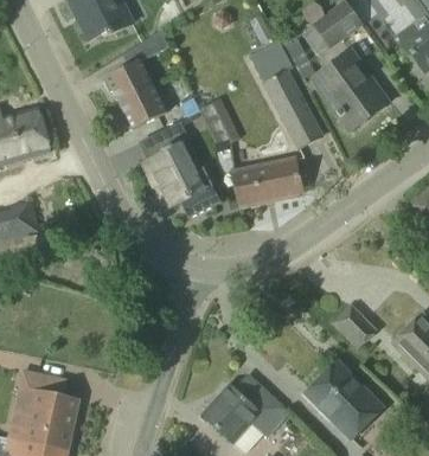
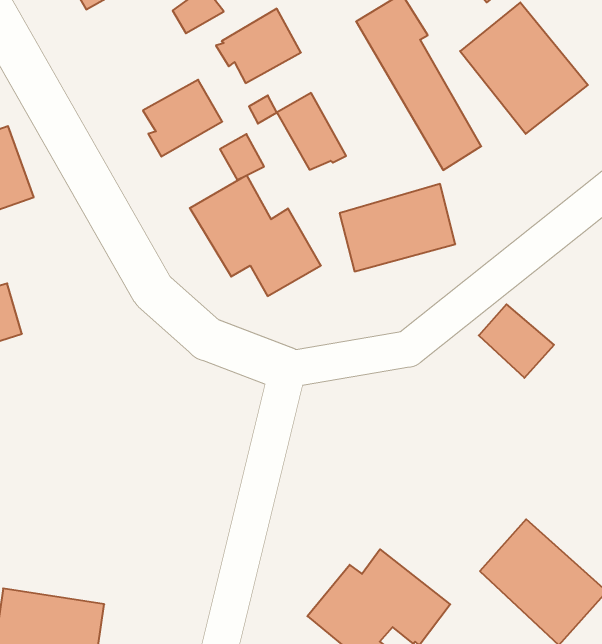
building: [103,58,154,102] -> [216,9,301,83]
building: [332,303,377,348] -> [479,304,554,378]

